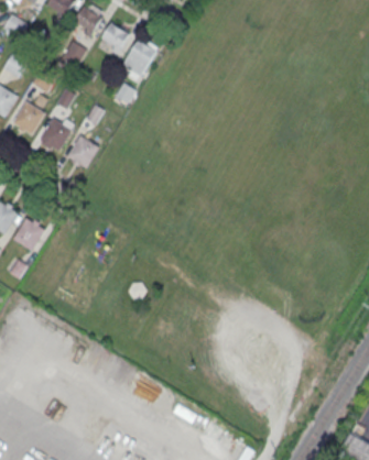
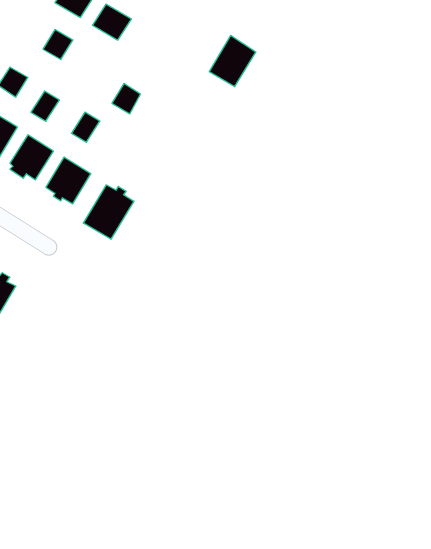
building: [121,40,155,77] -> [209,36,256,87]
building: none -> [83,185,134,239]

